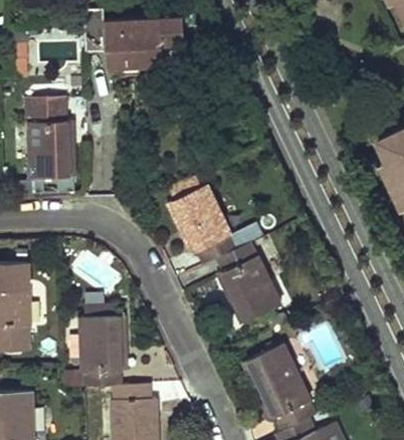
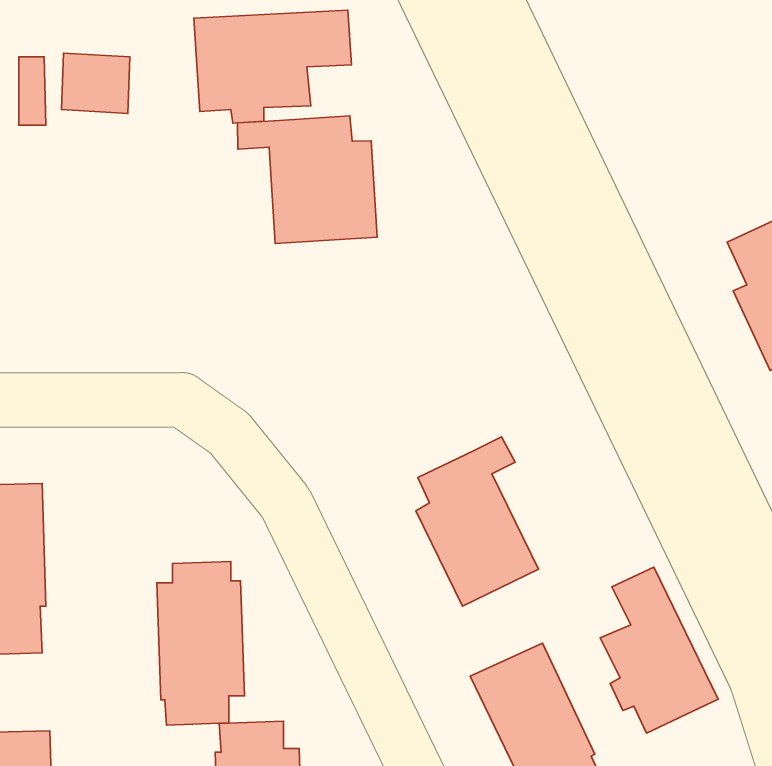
building: none -> [238,116,377,244]
building: [27,99,72,180] -> none
building: [167,187,248,267] -> none
building: none -> [600,567,718,733]

